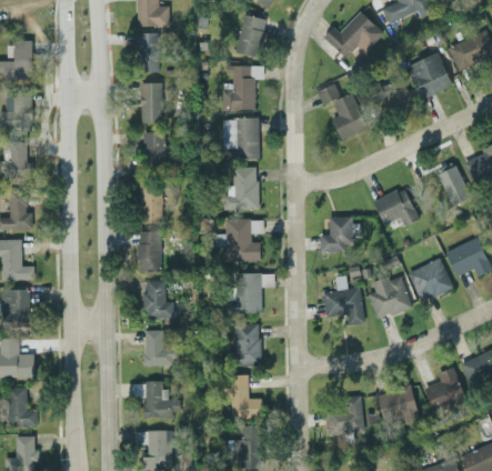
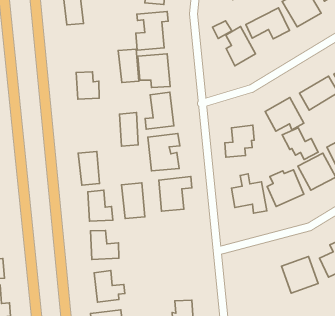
building: [140,83,162,123] -> [118,49,139,83]
building: [140,183,162,223] -> [119,113,138,146]
building: none -> [282,128,318,159]
building: [235,324,261,367] -> [121,183,145,219]
building: [231,375,262,419] -> none
building: [328,397,363,433] -> none

